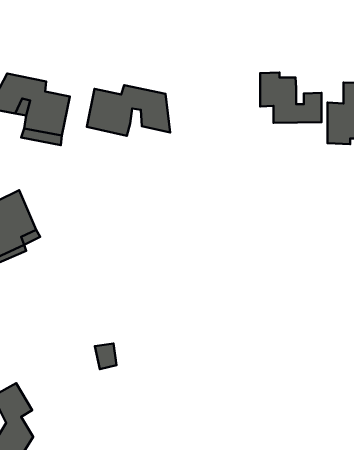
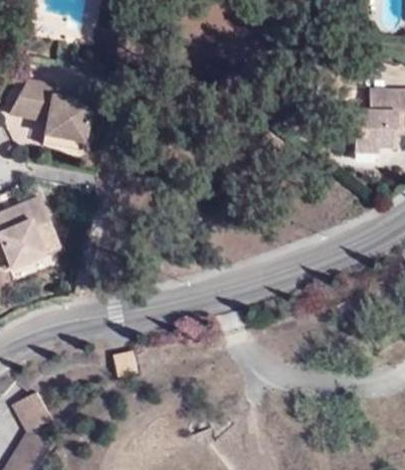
building: [260,72,321,123] -> none
building: [87,85,170,136] -> none

